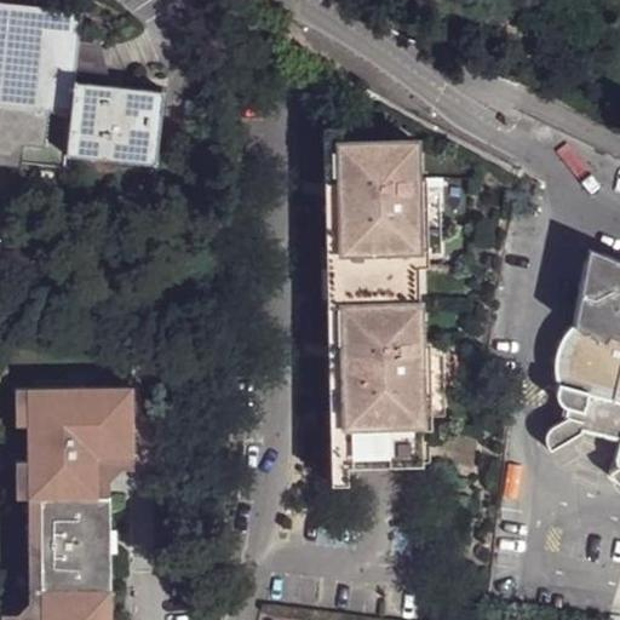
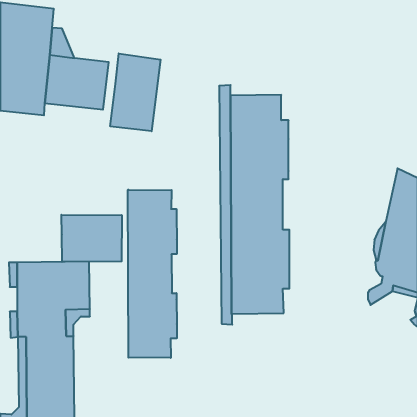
building: none -> [110,53,161,131]
building: none -> [128,190,177,358]
building: none -> [61,215,122,262]

